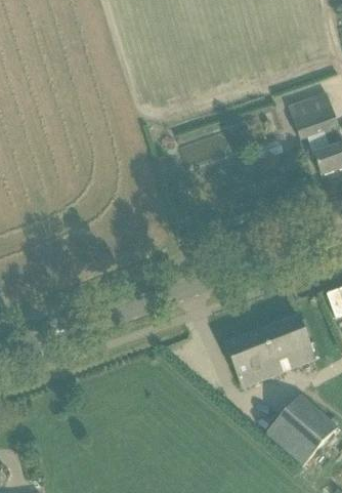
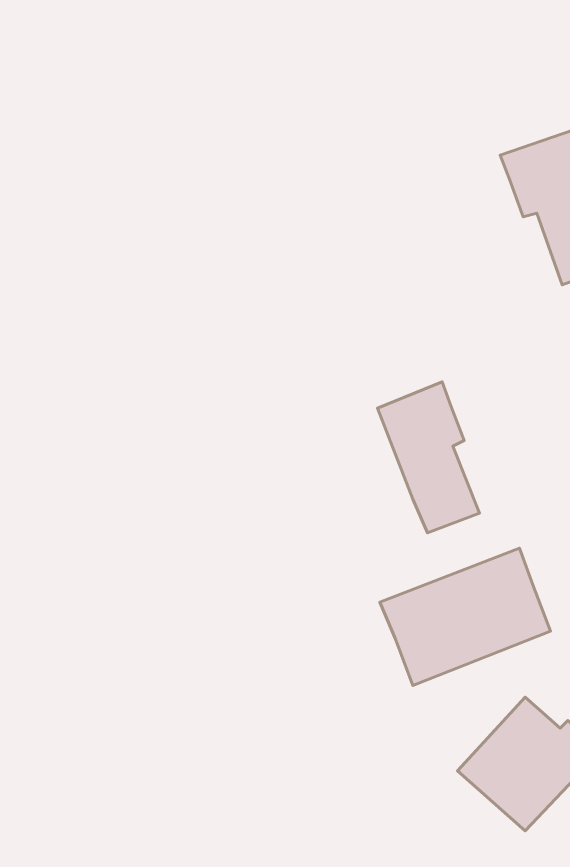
building: none -> [377,382,479,533]

